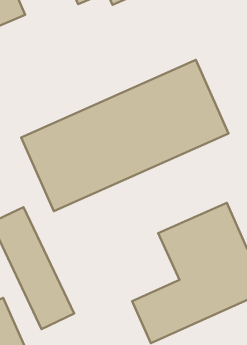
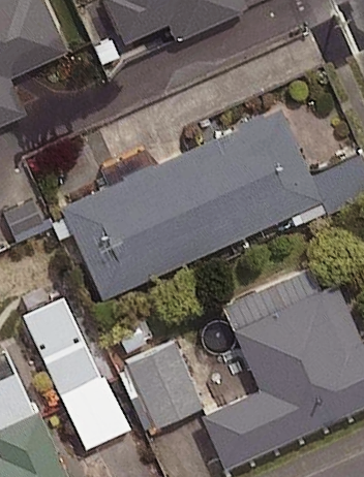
building: none -> [125,345,199,428]

